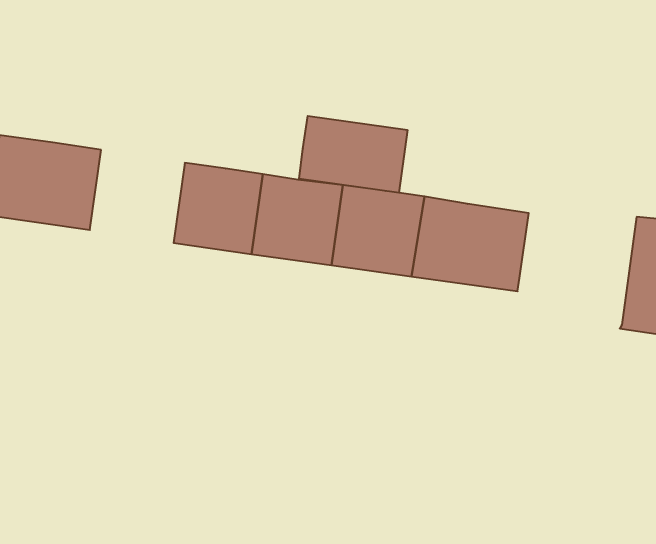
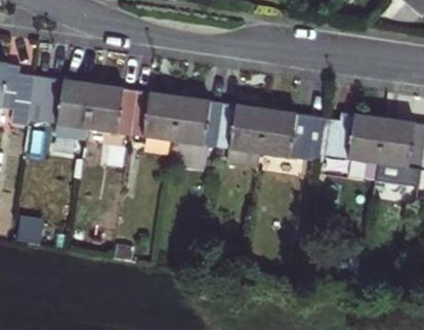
building: [299,116,407,193] -> none
building: none -> [89,84,141,135]
building: none -> [326,115,390,180]

